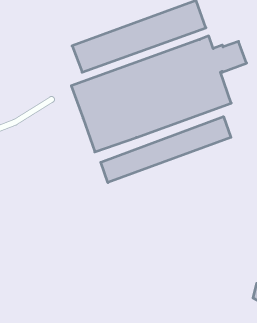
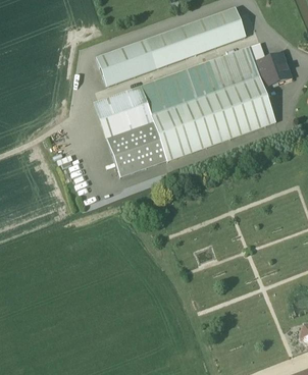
building: [101,117,231,183] -> none

